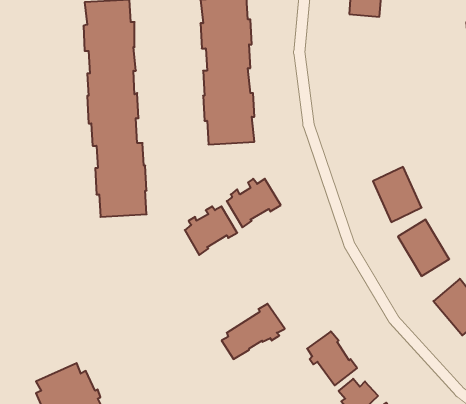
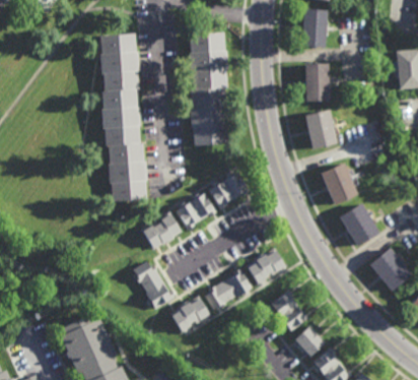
building: none -> [303,64,331,102]
building: none -> [305,111,339,149]
building: none -> [141,214,182,251]
building: none -> [247,250,286,286]
building: none -> [132,262,175,311]
building: none -> [170,298,210,334]

